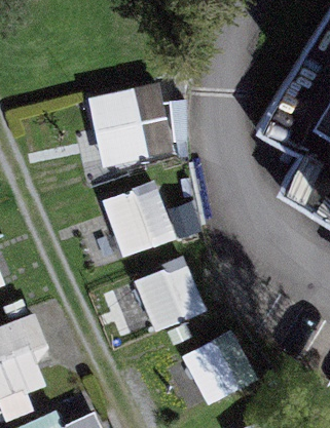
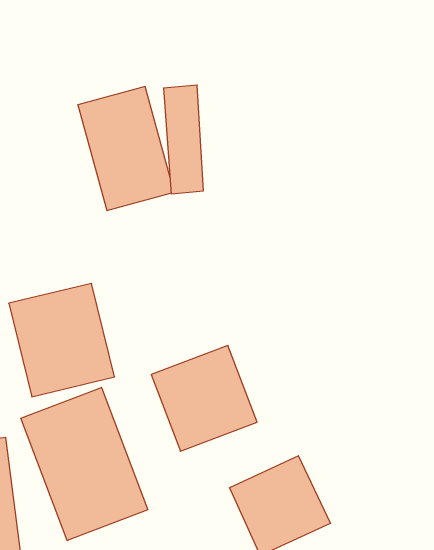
building: [104,184,175,260] -> [9,283,115,397]
building: none -> [21,387,148,541]

